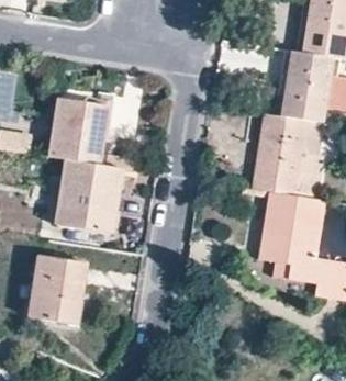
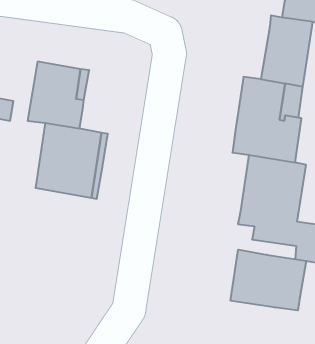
building: [29,255,88,325] -> none
building: none -> [231,250,306,310]

